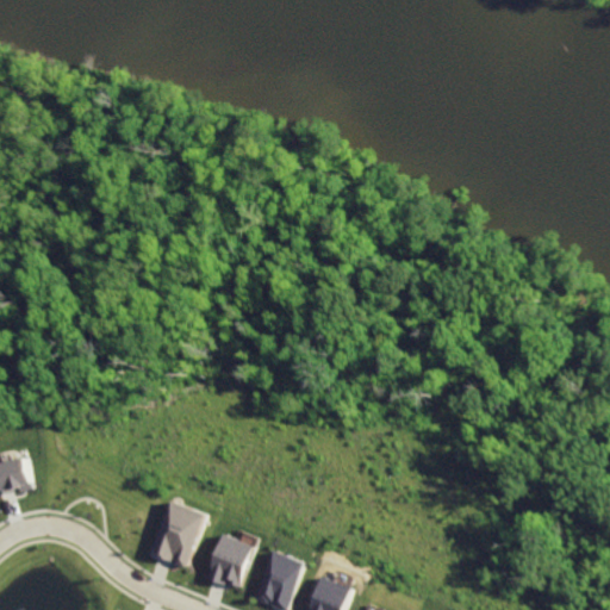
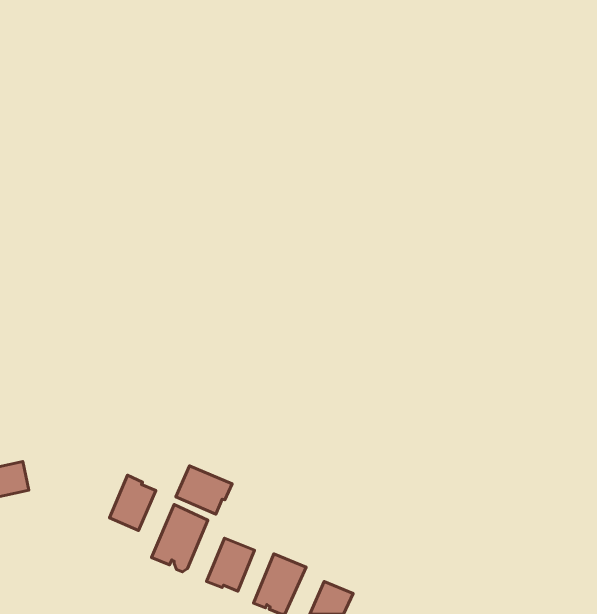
building: none -> [176,466,232,514]
building: none -> [109,475,156,531]

